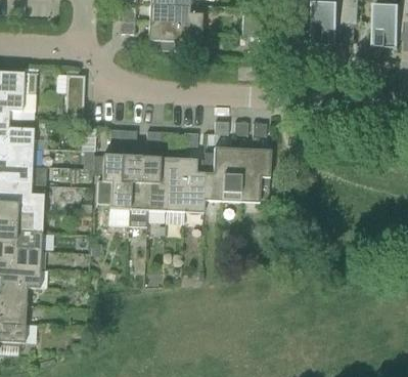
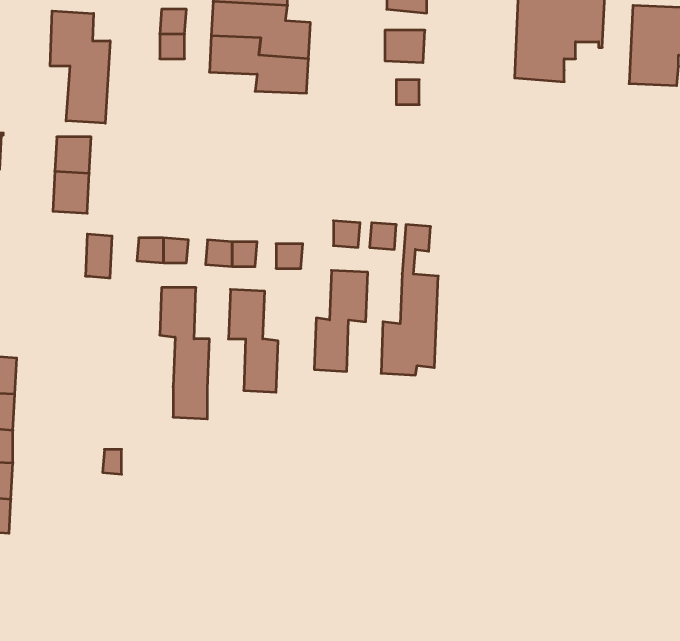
building: none -> [50,11,110,123]
building: [221,148,251,202] -> none
building: [176,152,213,212] -> none
building: [95,155,129,225] -> none
building: [139,156,167,211] -> none

